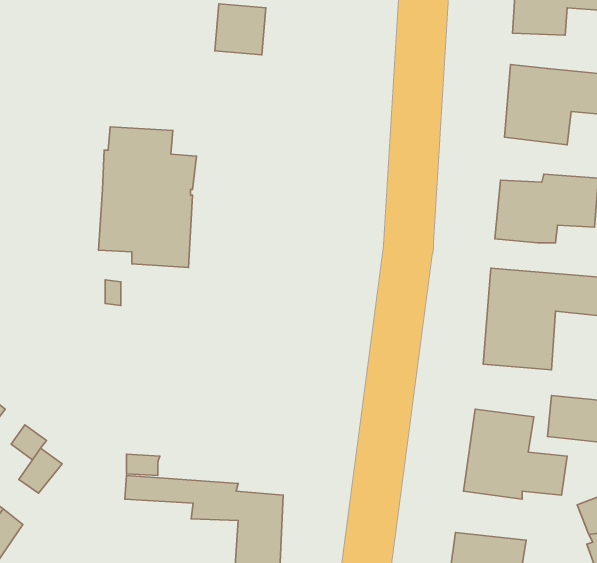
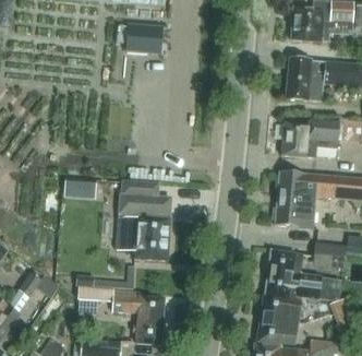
building: [98,127,196,268] -> [117,180,171,259]
building: none -> [260,295,303,322]

